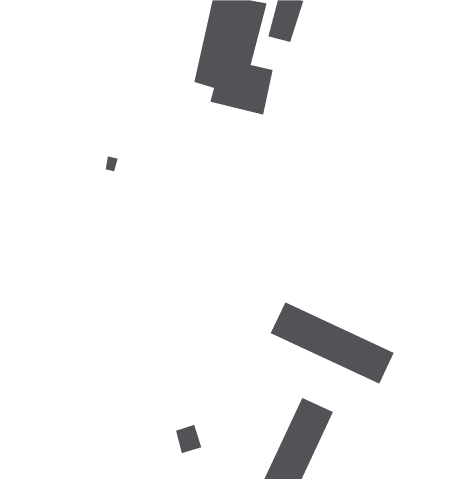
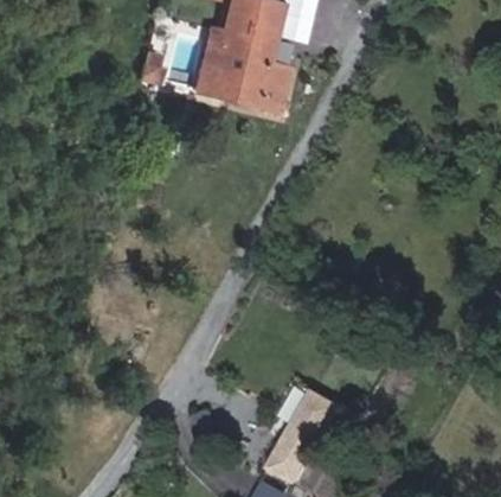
building: [270,301,395,384] -> none

